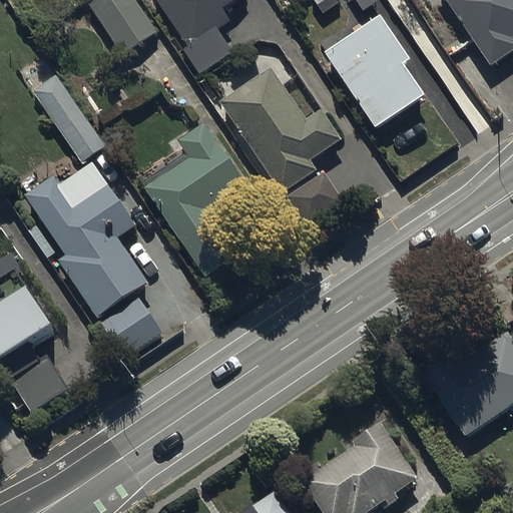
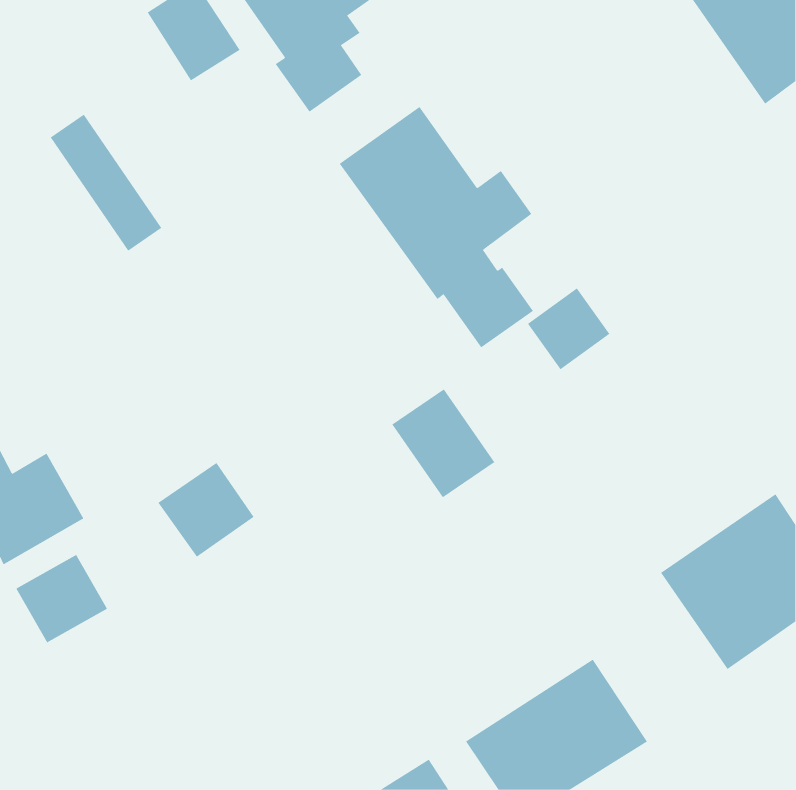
building: [324,15,424,129] -> none
building: [143,124,243,276] -> none
building: [26,162,146,317] -> none
building: none -> [527,288,610,370]
building: none -> [392,389,495,498]

